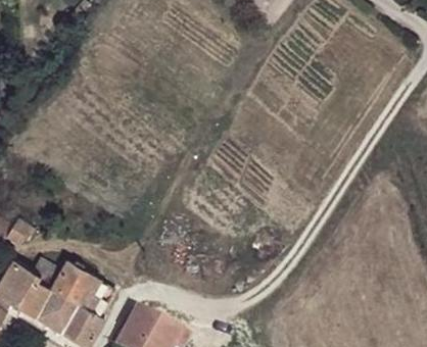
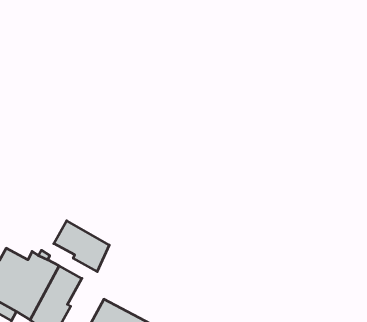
building: none -> [54,221,109,272]

